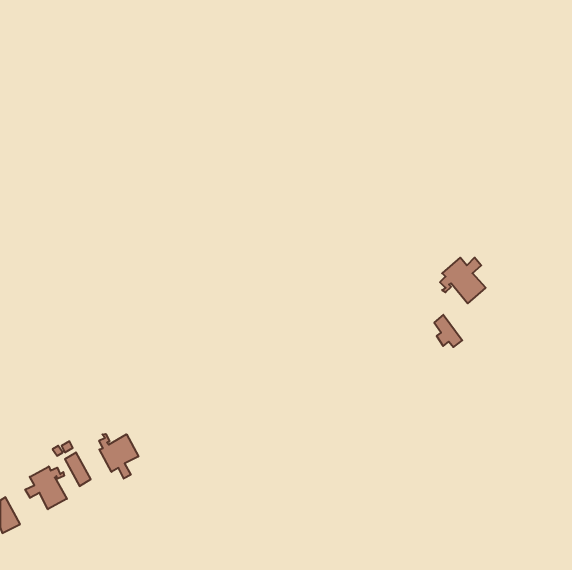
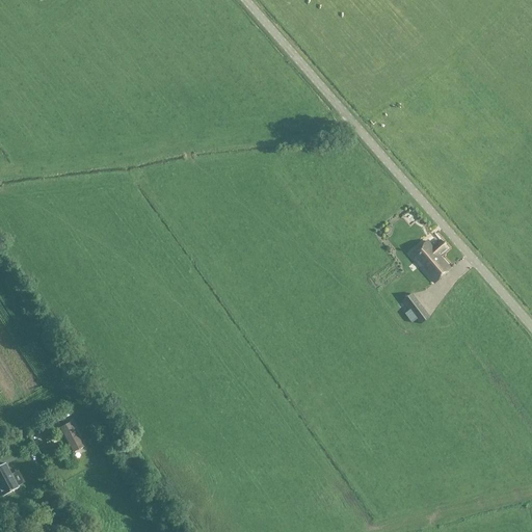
building: [99,434,138,479] -> none
building: [25,466,67,509] -> none

